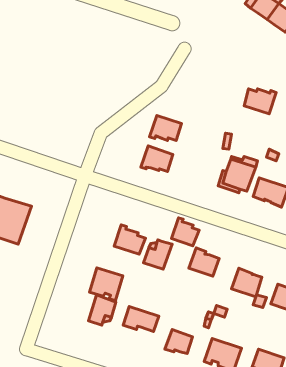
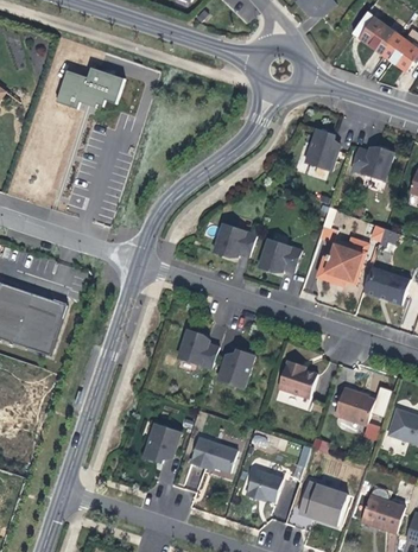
building: none -> [58,68,125,109]
building: none -> [305,128,338,171]
building: [150,116,182,140] -> [259,239,302,272]
building: [172,218,199,246] -> none
building: [89,268,123,300] -> none

